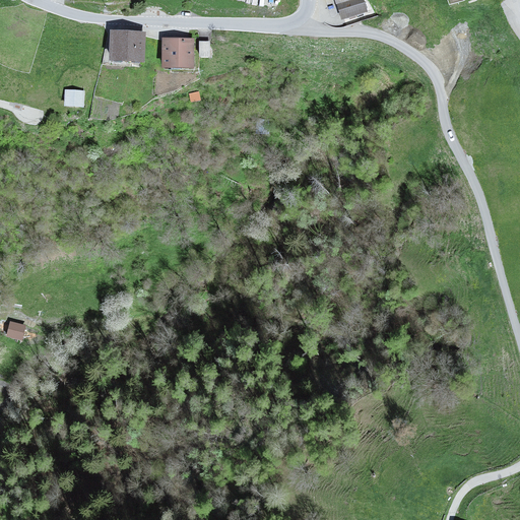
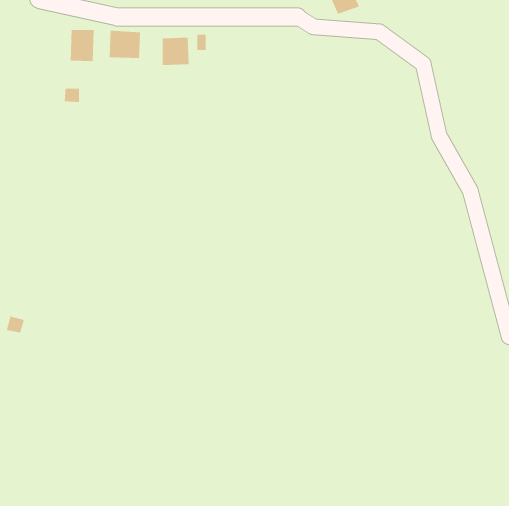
building: none -> [70,29,95,62]

